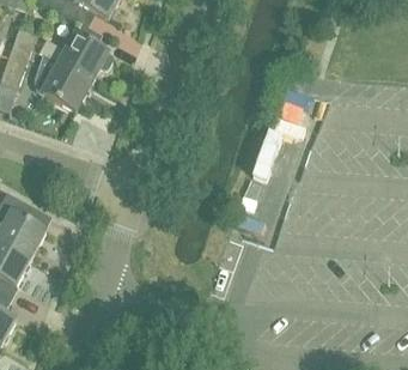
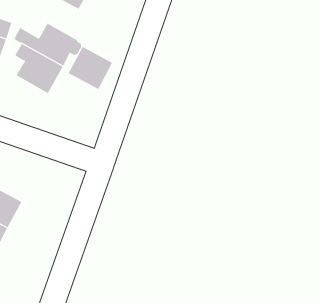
building: none -> [68,46,113,90]

